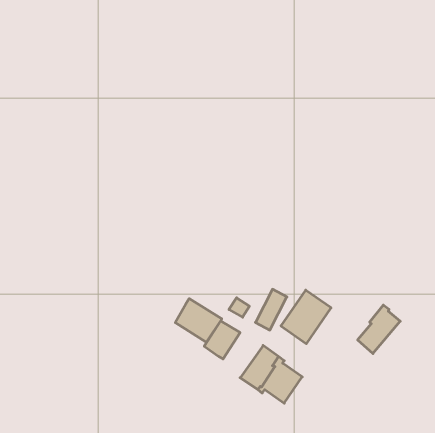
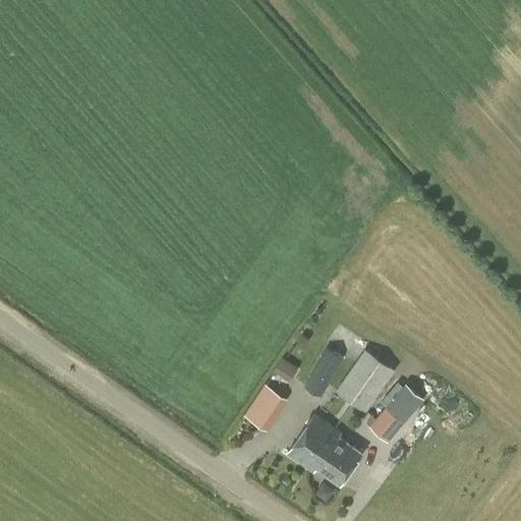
building: [175,299,222,342] -> none
building: [358,305,400,354] -> [369,385,420,443]

